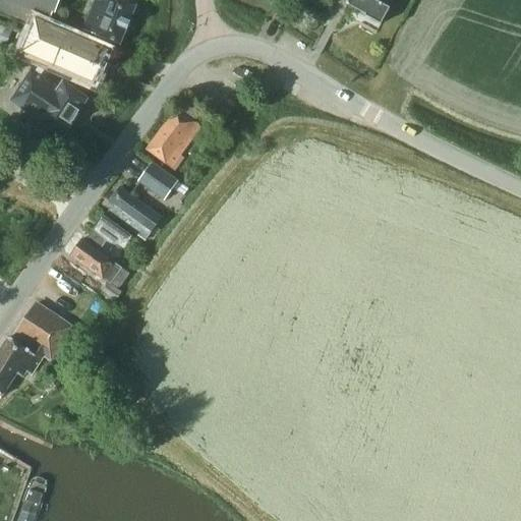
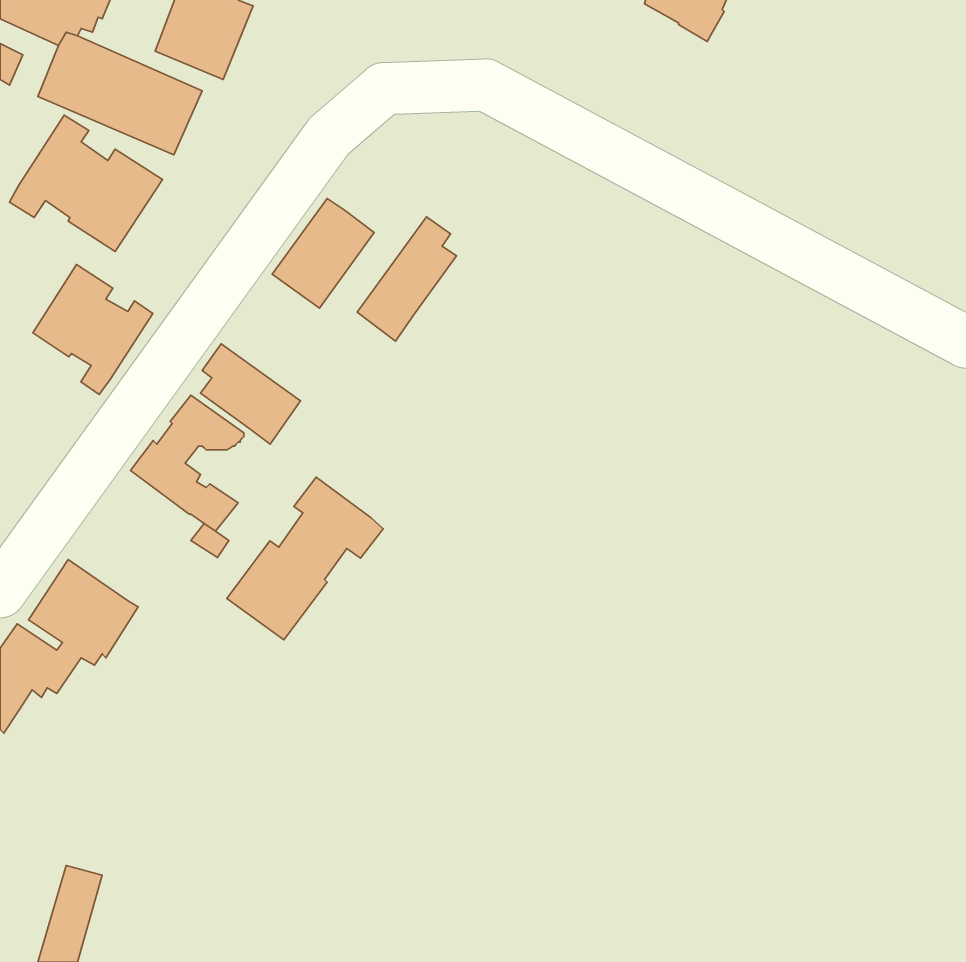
building: none -> [357,217,456,341]
building: none -> [33,264,153,394]
building: [137,161,177,198] -> none
building: none -> [227,477,383,640]

